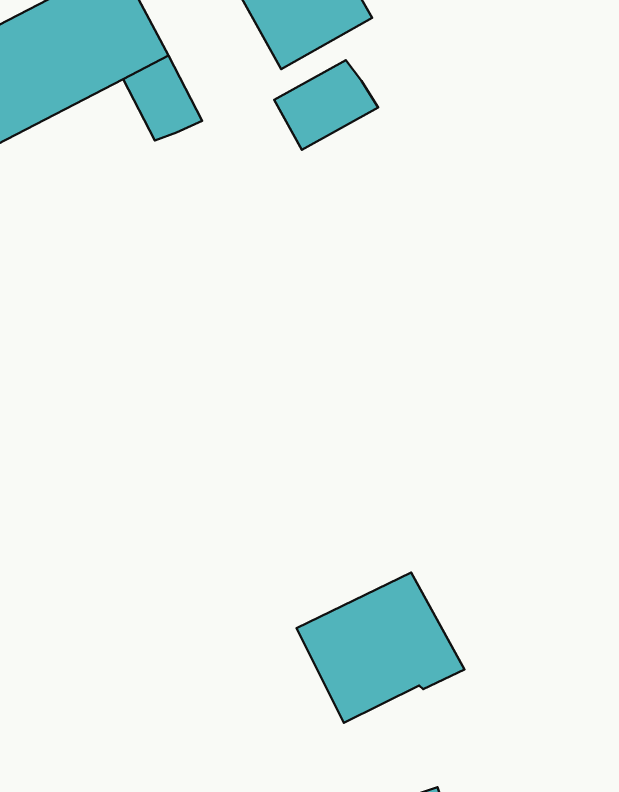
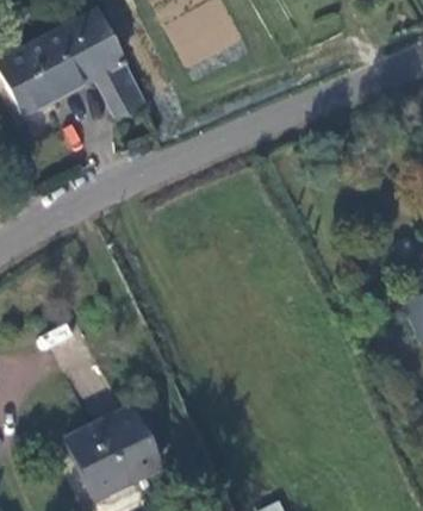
building: [274,60,378,150] -> none
building: [297,573,465,723] -> [68,409,169,499]

